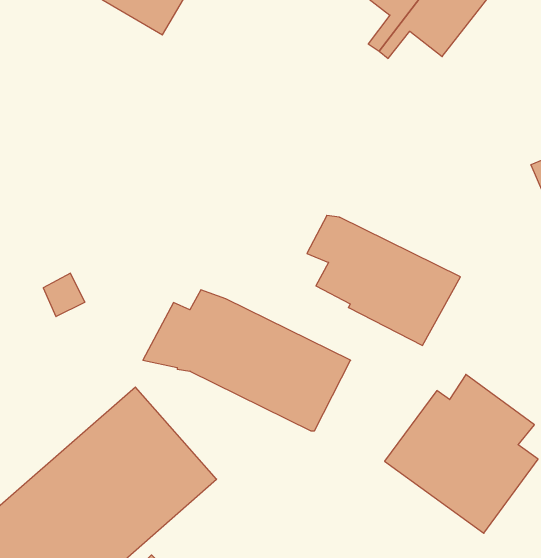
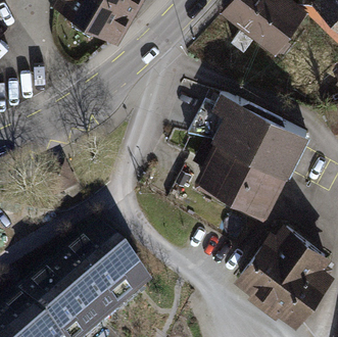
building: [143,290,351,431] -> [189,95,306,175]

